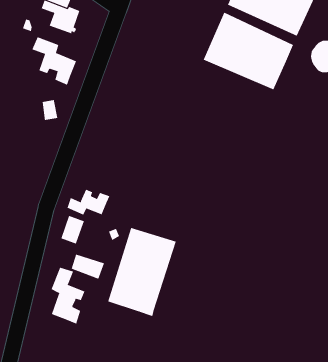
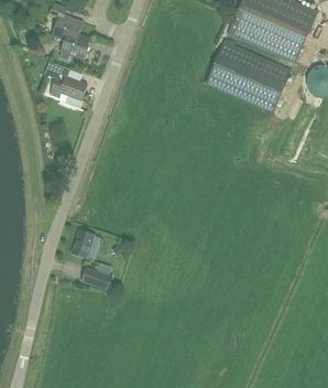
building: [67,189,110,215] -> none
building: [107,227,177,317] -> none
building: [51,267,85,324] -> none

